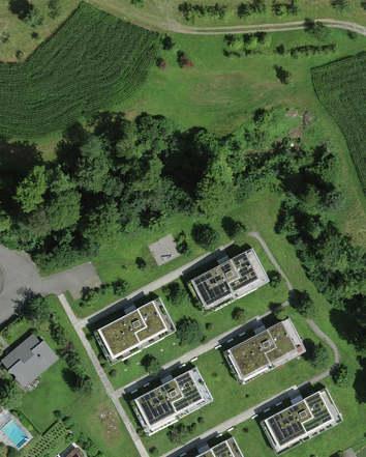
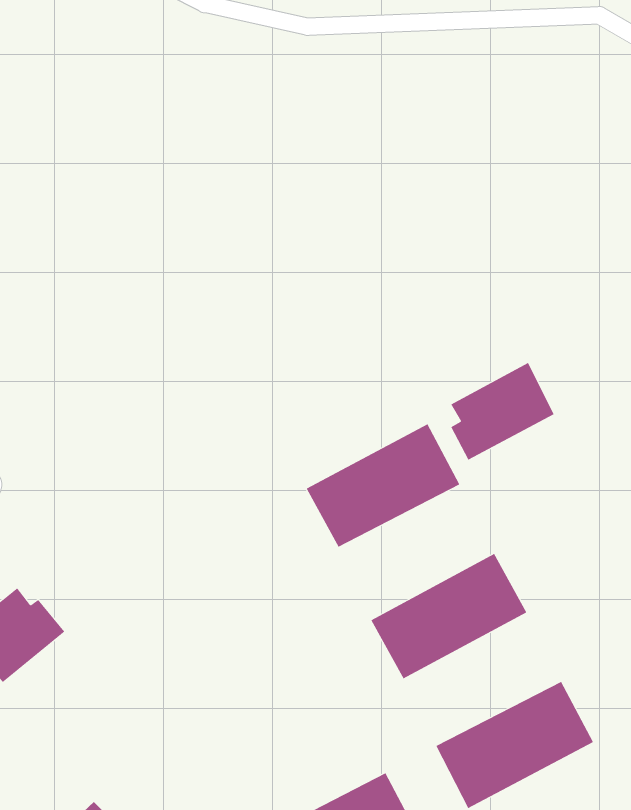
building: none -> [450,362,555,460]
building: [96,295,179,363] -> none
building: [130,366,213,433] -> none

